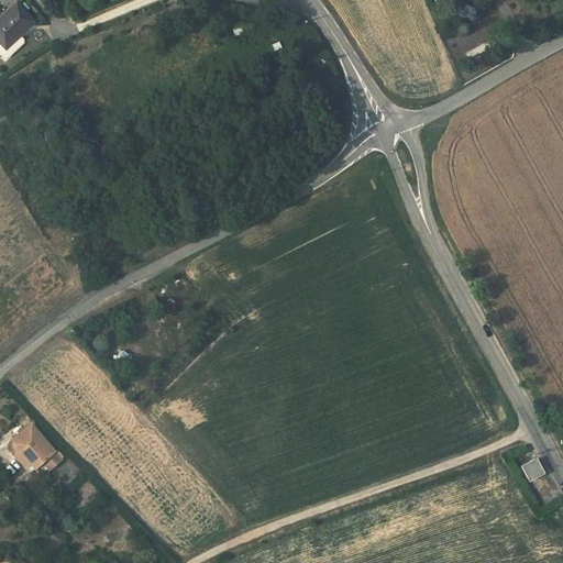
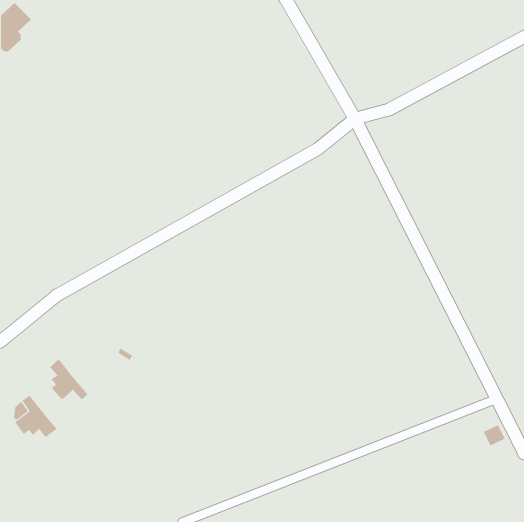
building: none -> [49,359,88,400]

